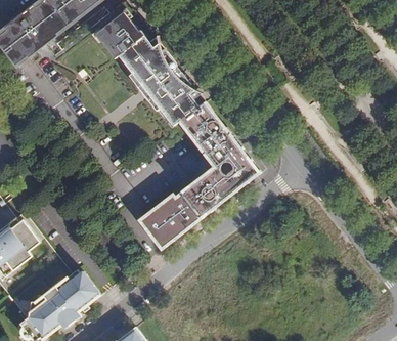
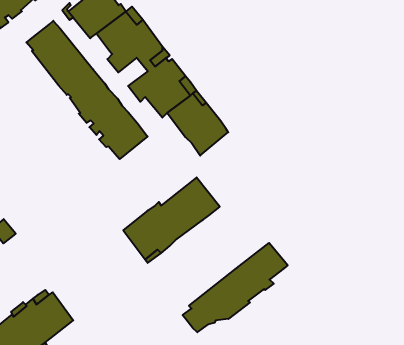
building: none -> [26,21,148,159]
building: [203,136,257,199] -> none
building: none -> [183,243,288,332]

